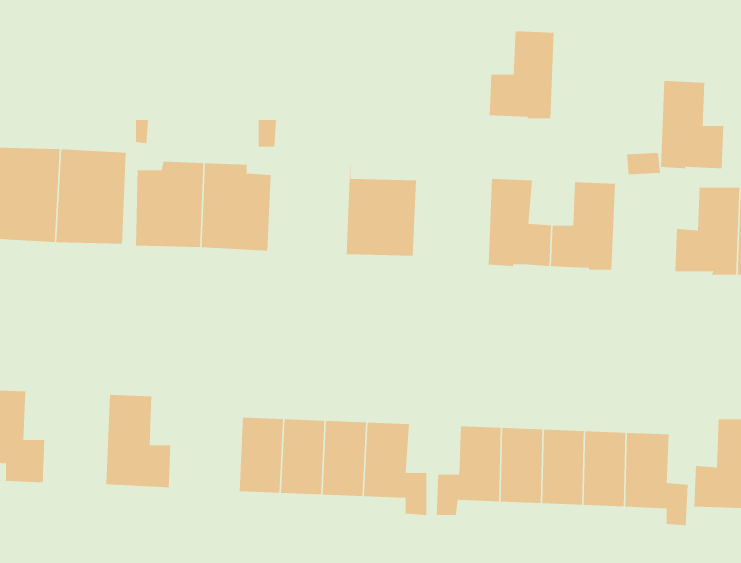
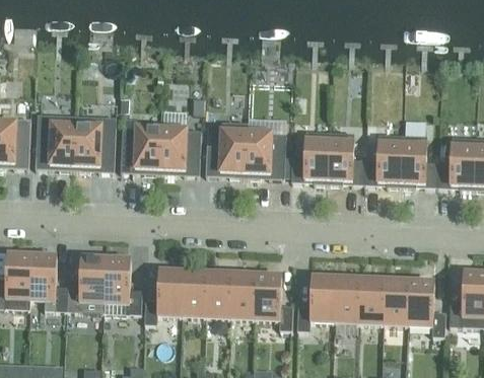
building: [489,31,554,119] -> [291,130,330,181]
building: [660,81,724,169] -> [401,134,438,185]
building: none -> [205,120,247,175]
building: none -> [67,256,106,310]
building: none -> [144,270,184,322]

